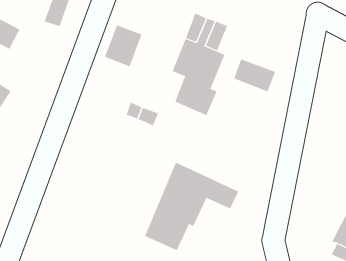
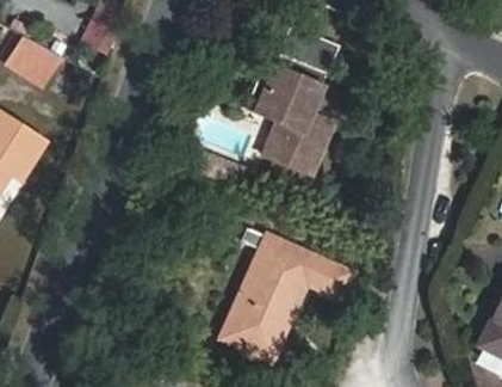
building: [104,25,142,67] -> none
building: [233,58,276,92] -> none

